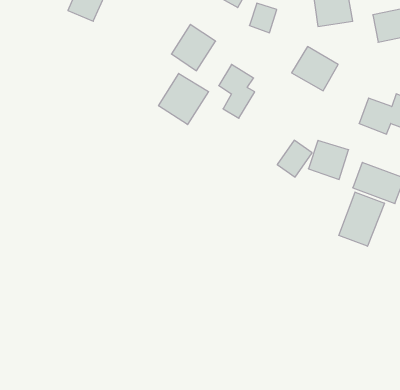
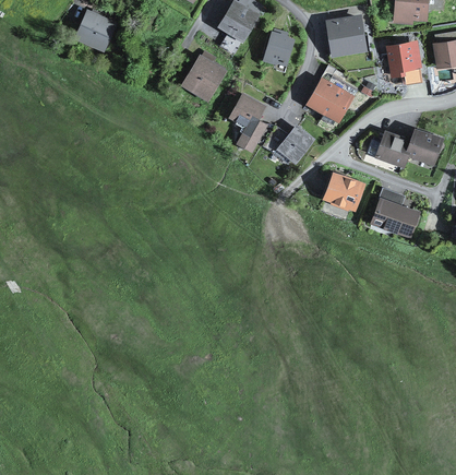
building: [159,73,209,125] -> none
building: [277,140,312,177] -> [276,126,312,164]
building: [339,192,384,246] -> none

